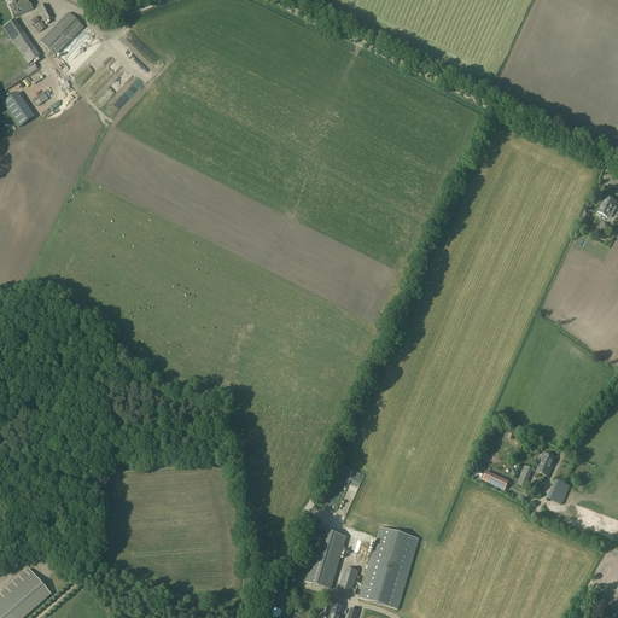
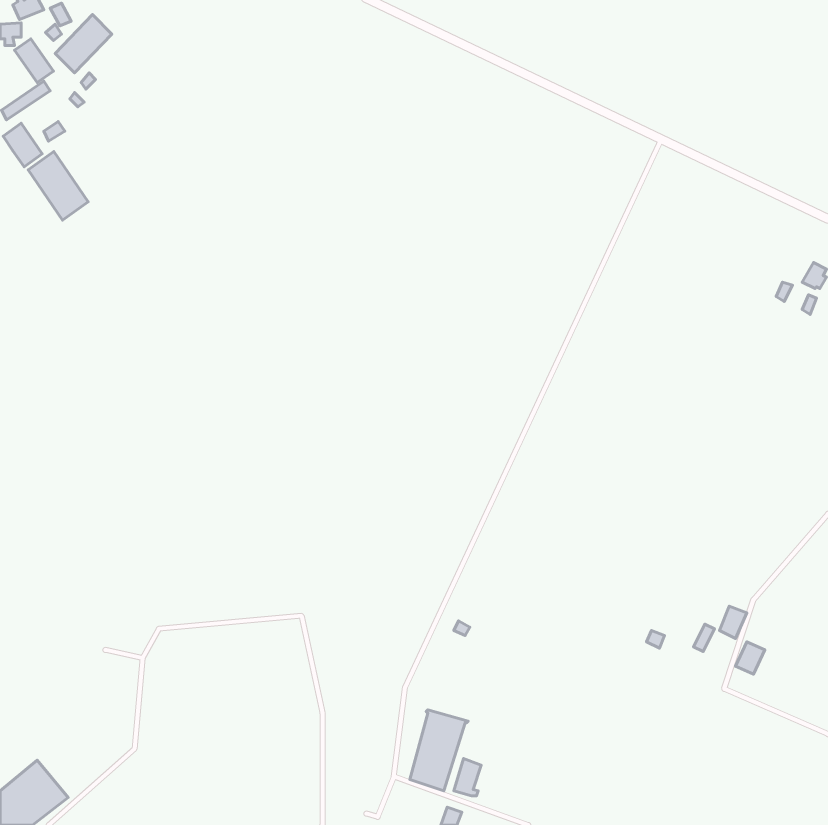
building: none -> [28,152,88,220]
building: [358,526,419,608] -> none

